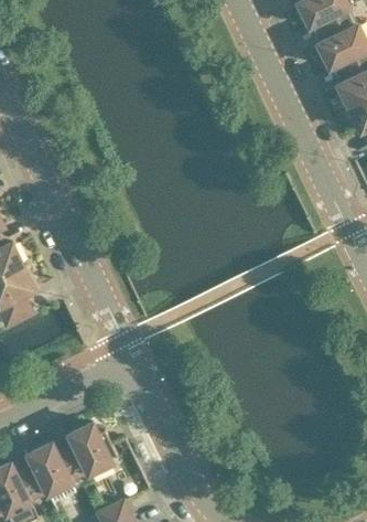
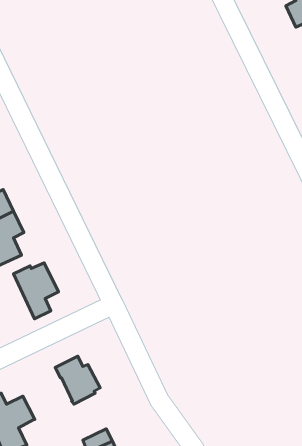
building: none -> [14,263,58,319]
building: [26,443,86,504] -> none

